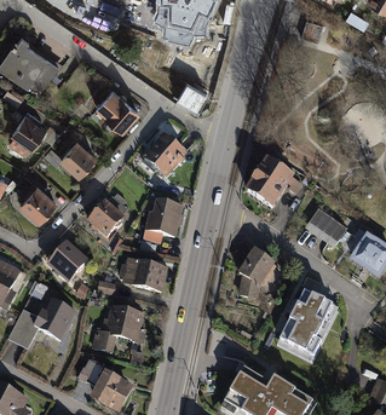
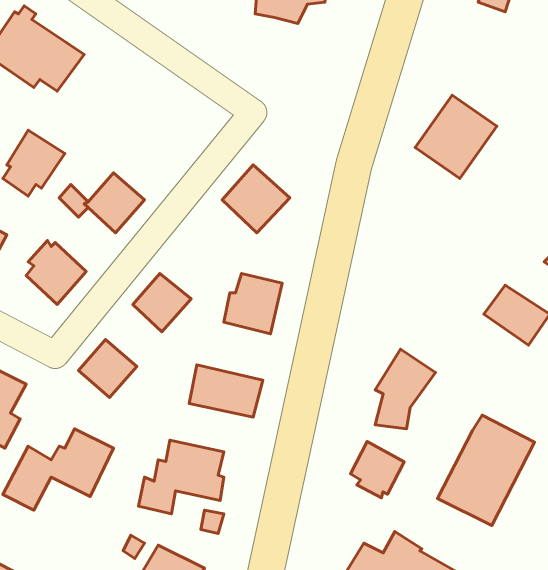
building: [96,91,138,132] -> none
building: [244,157,295,209] -> [415,95,497,179]
building: none -> [350,441,404,498]

